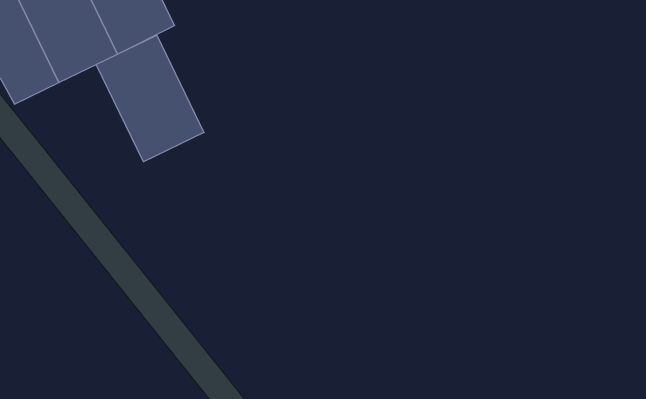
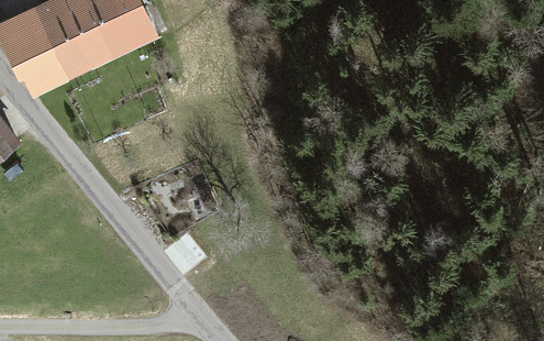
building: [96,35,204,162] -> none

